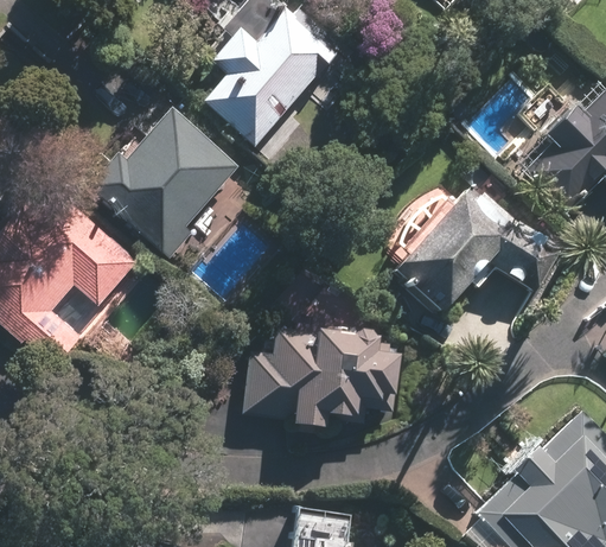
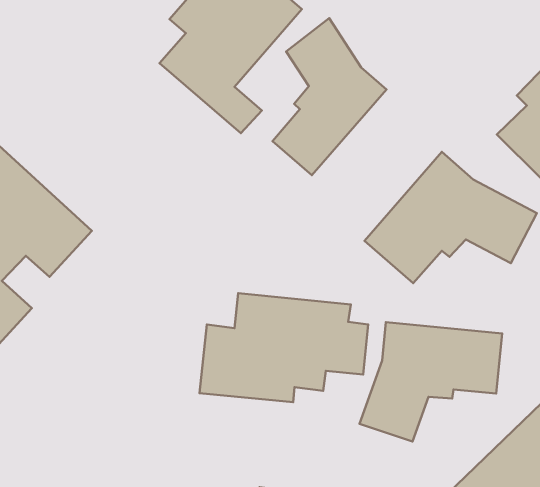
building: none -> [273,18,387,175]
building: [89,106,241,260] -> none
building: none -> [360,322,502,441]

